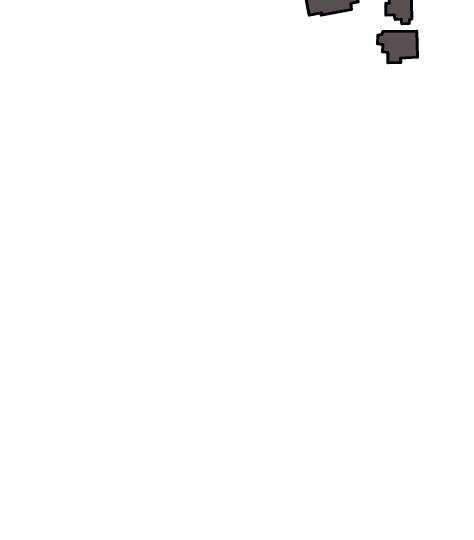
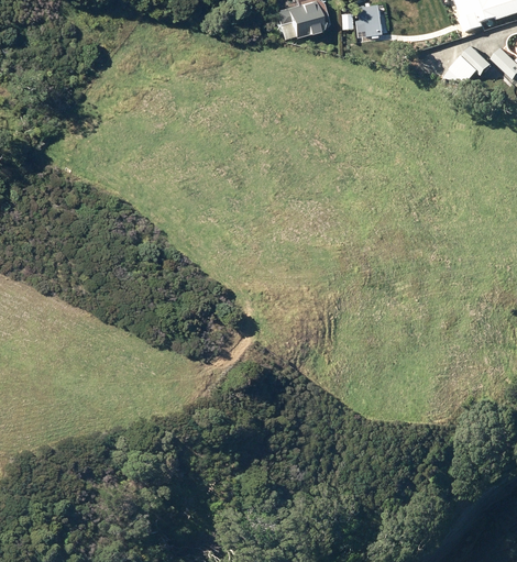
building: [378,31,417,63] -> none

